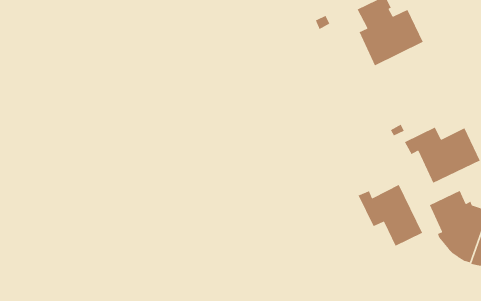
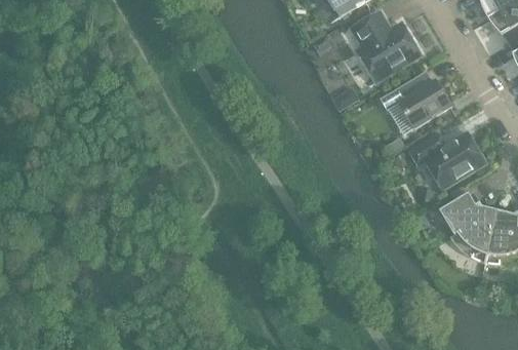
building: none -> [385,73,451,127]
building: [358,184,423,247] -> none

